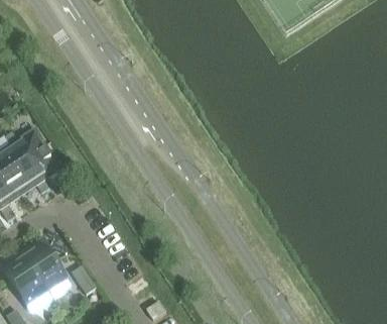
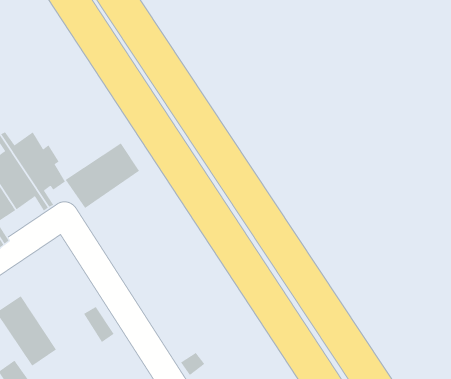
building: none -> [65,142,140,209]
building: [23,243,71,298] -> none

